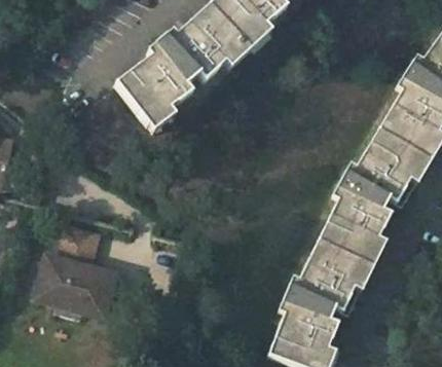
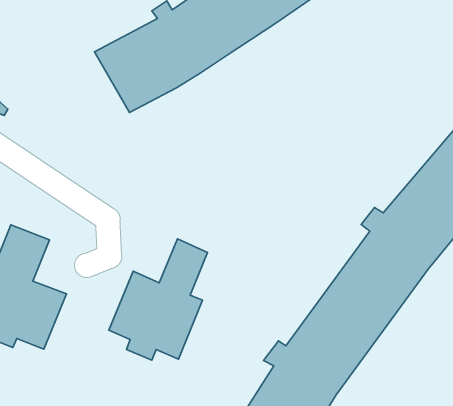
building: none -> [109,239,208,360]

